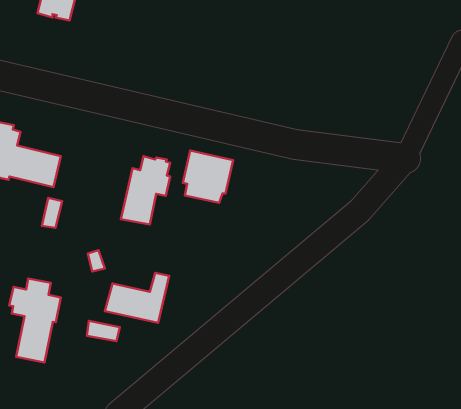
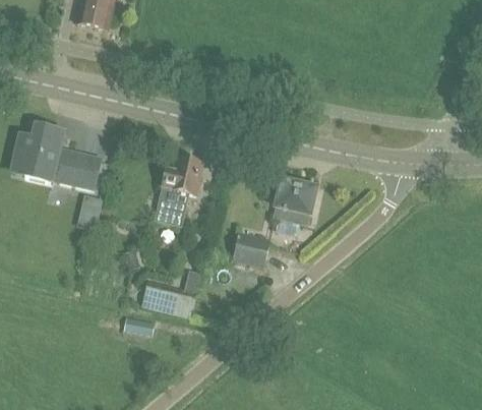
building: [183,151,233,203] -> [272,176,319,226]
building: none -> [232,233,269,267]
building: [9,279,61,363] -> none

